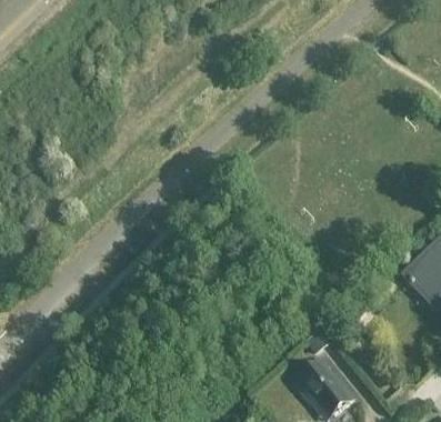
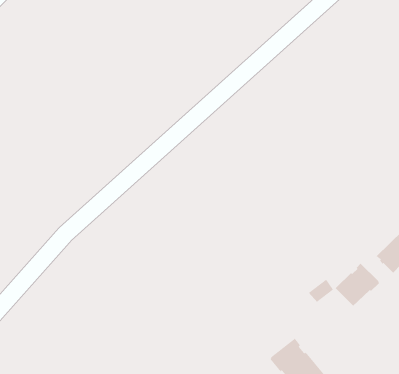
building: none -> [335,263,380,307]

